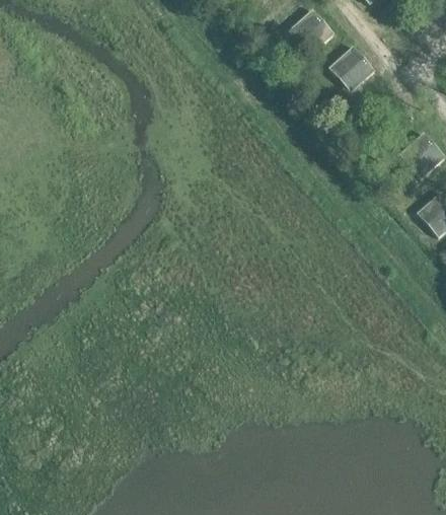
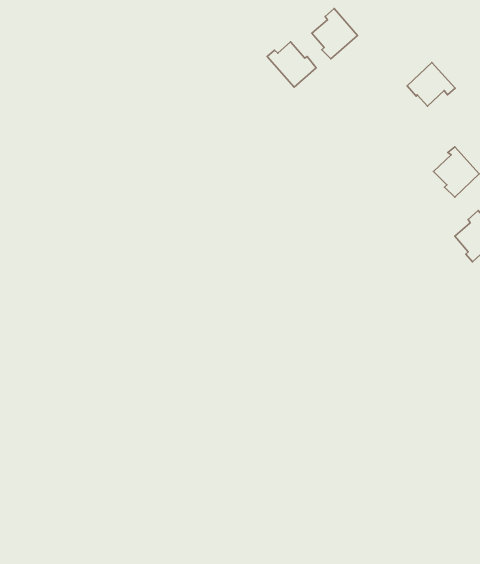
building: none -> [267,42,316,87]
building: [329,47,373,86] -> [407,63,455,106]

